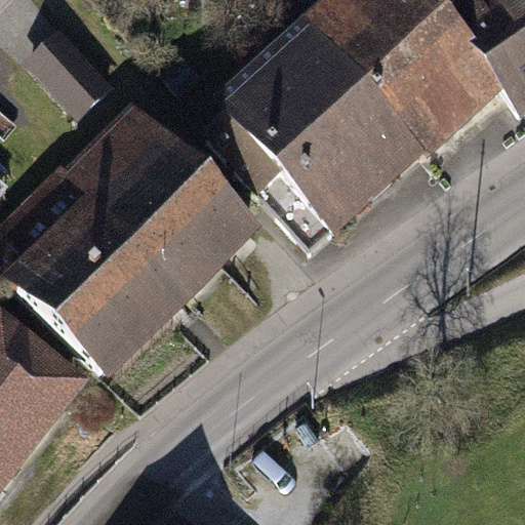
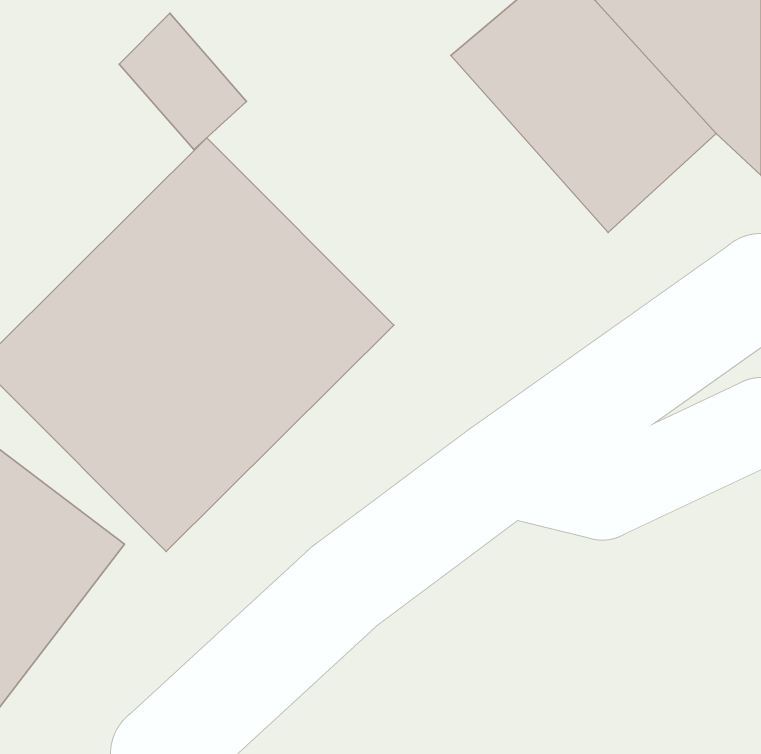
building: [23,29,110,122] -> [119,13,246,150]
building: [221,38,416,234] -> none

